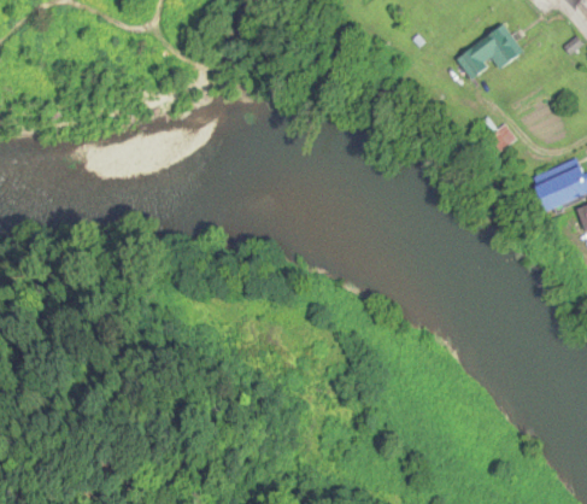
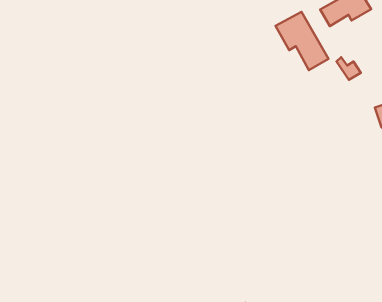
building: none -> [276,12,328,70]

